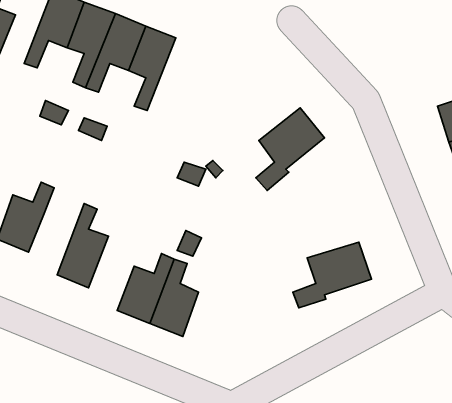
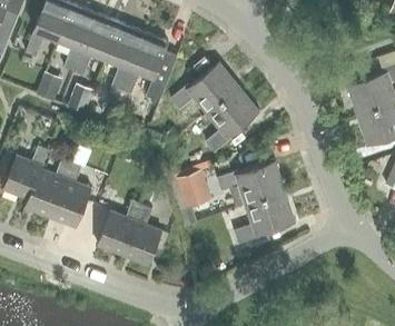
building: none -> [120,32,177,100]
building: none -> [170,62,239,112]
building: none -> [24,158,71,217]
building: none -> [216,161,285,204]
building: none -> [168,169,211,225]

